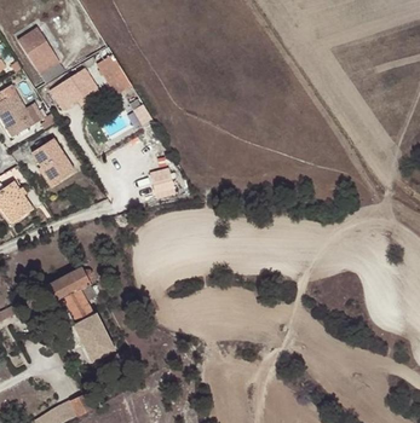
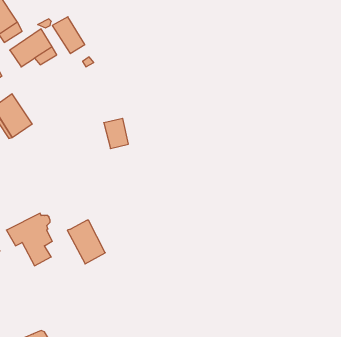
building: [73,314,114,361] -> [67,220,105,264]

